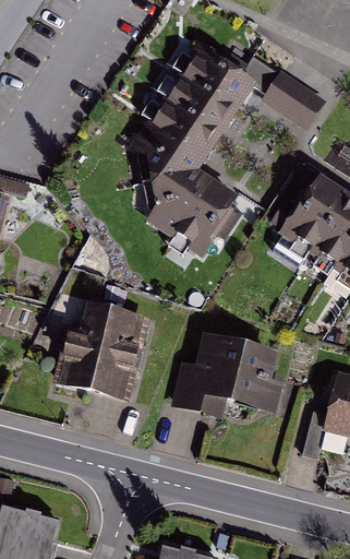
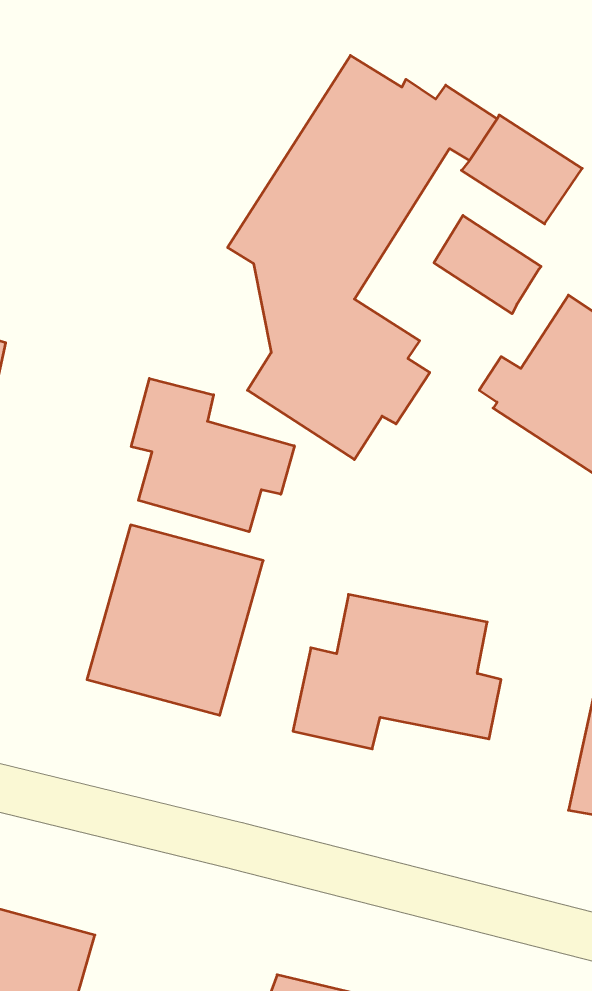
building: none -> [434,215,541,314]
building: none -> [131,378,294,532]

